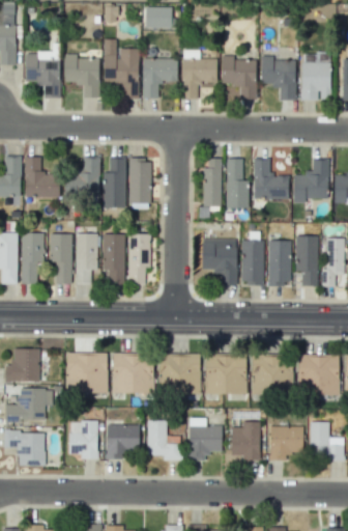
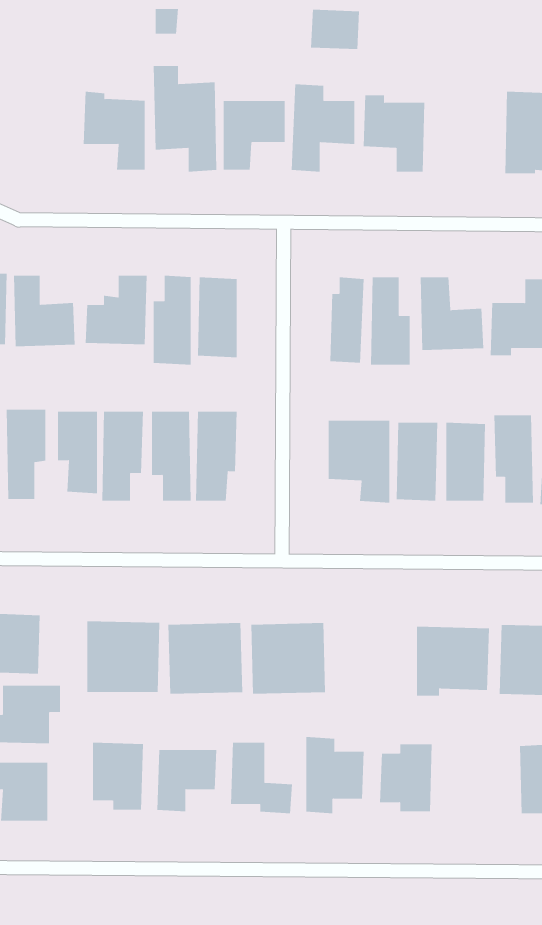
building: [145,6,173,29] -> [310,9,360,50]
building: [25,52,60,97] -> none
building: [261,55,296,100] -> none
building: [205,354,248,394] -> none
building: [270,425,303,460] -> none

